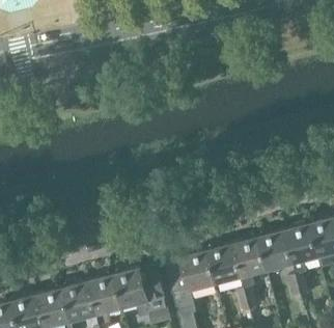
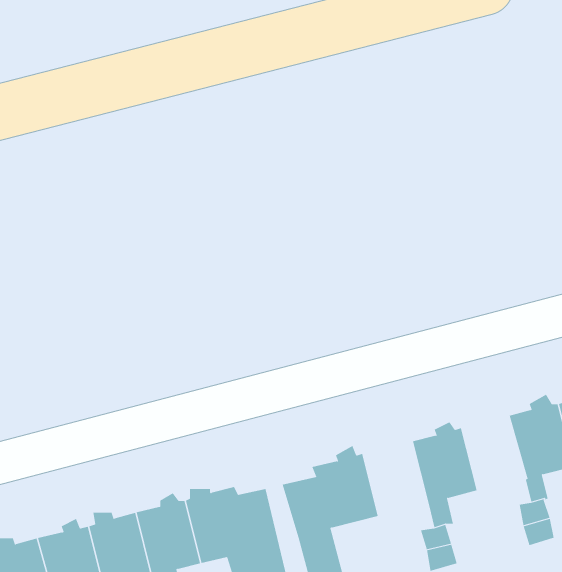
building: [258,230,293,270] -> none
building: [206,244,241,283] -> none

